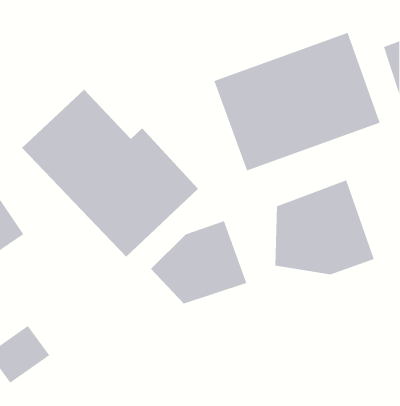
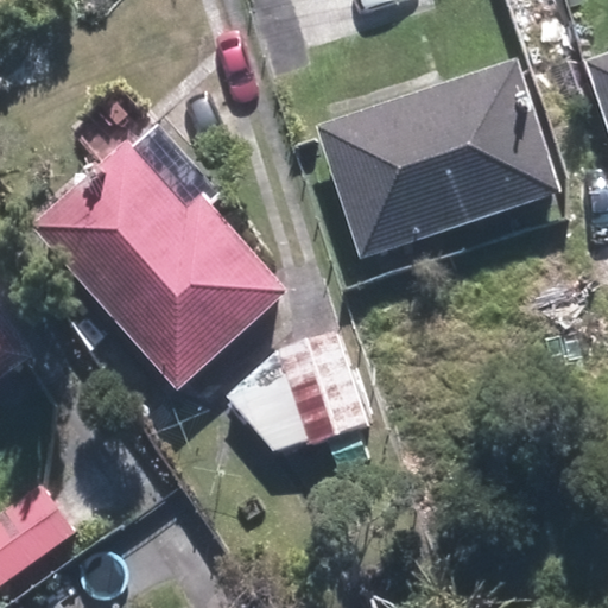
building: [275,179,374,275] -> none

